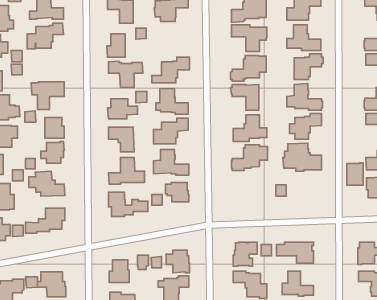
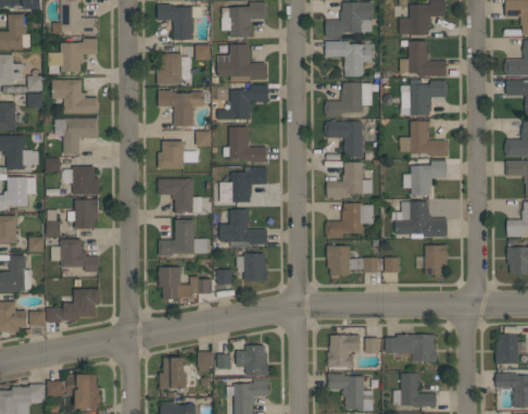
building: none -> [217,45,266,81]
building: none -> [52,80,100,114]
building: [347,163,363,185] -> [425,244,447,275]
building: none -> [327,246,381,276]

